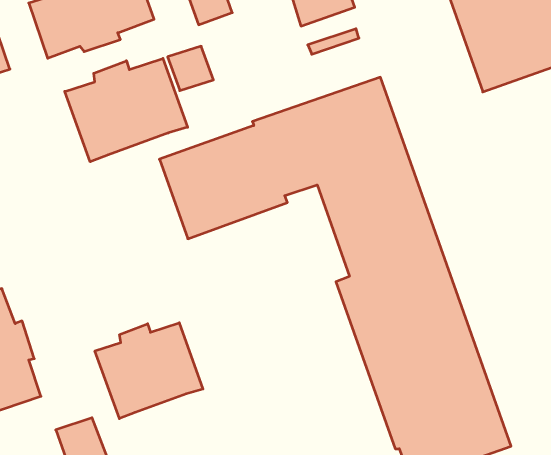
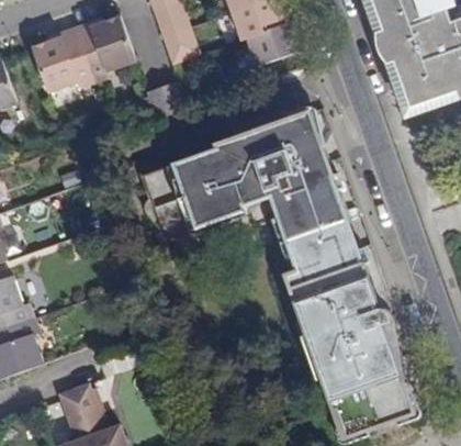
building: [65,58,188,162] -> none
building: [95,323,203,419] -> none

